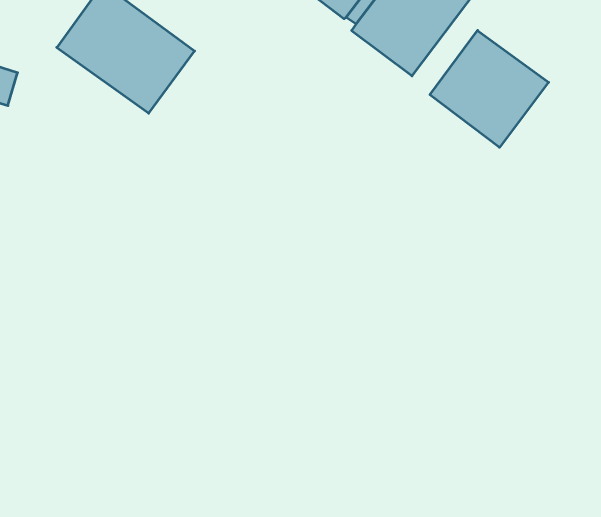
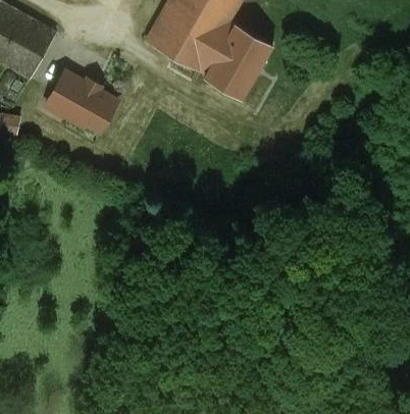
building: [430,30,549,147] -> none

